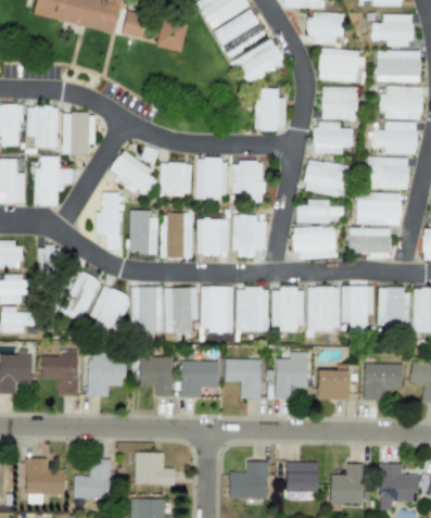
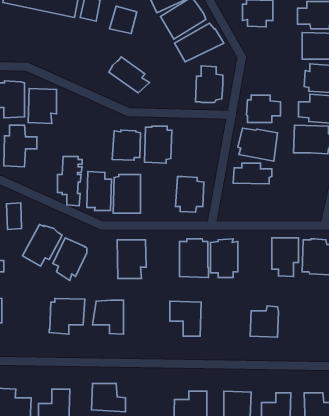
building: [318,48,365,81] -> none
building: [321,87,357,118] -> none
building: [110,151,156,192] -> [109,57,149,93]
building: [232,161,265,202] -> none
building: [356,192,401,224] -> none
building: [197,219,227,255] -> none
building: [293,226,338,260] -> none
building: [348,228,390,258] -> none
building: [131,287,161,331] -> none
building: [200,287,232,332] -> none
building: [307,287,339,330] -> none
building: [42,350,78,395] -> none
building: [275,352,307,397] -> none
building: [178,361,218,397] -> none
building: [363,364,403,401] -> none

